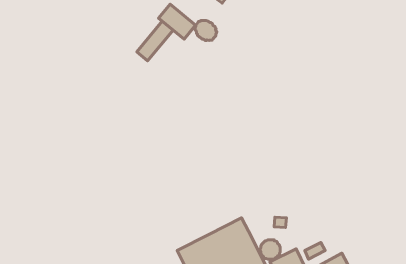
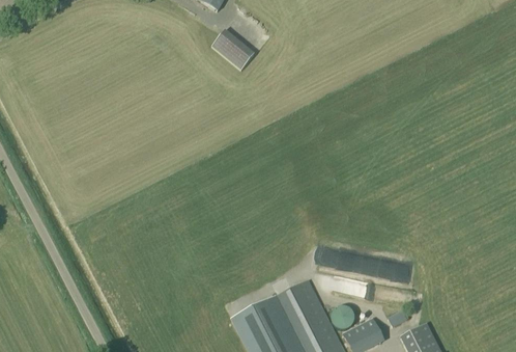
building: [195,20,217,41] -> none
building: [137,21,173,61] -> none

